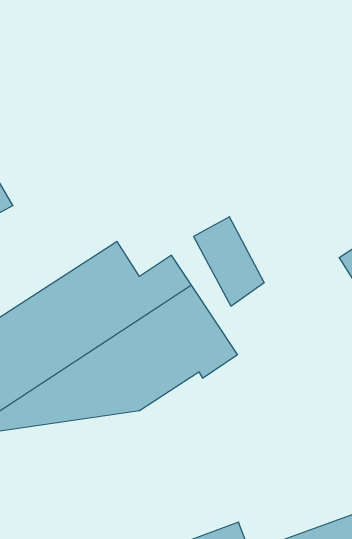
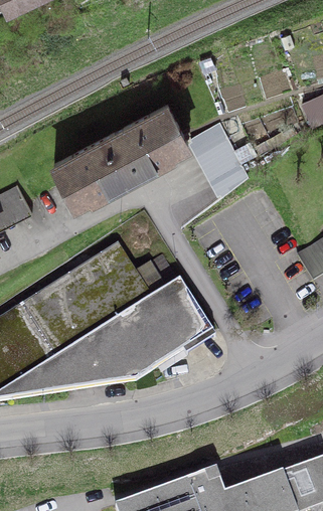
building: none -> [54,105,187,202]
building: [194,217,264,306] -> [190,123,248,195]

